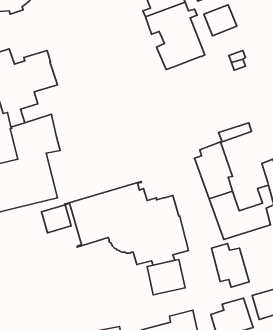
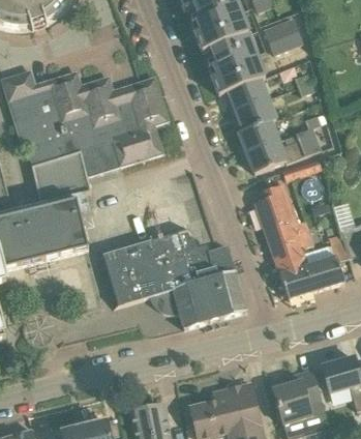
building: none -> [43,75,167,174]
building: none -> [227,78,326,172]
building: [42,205,71,233] -> none
building: [211,243,249,287] -> none
building: [147,259,185,295] -> none

